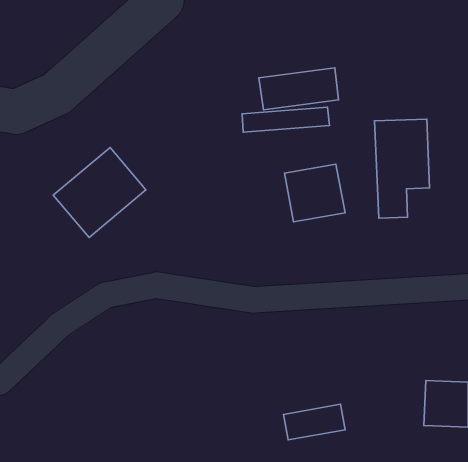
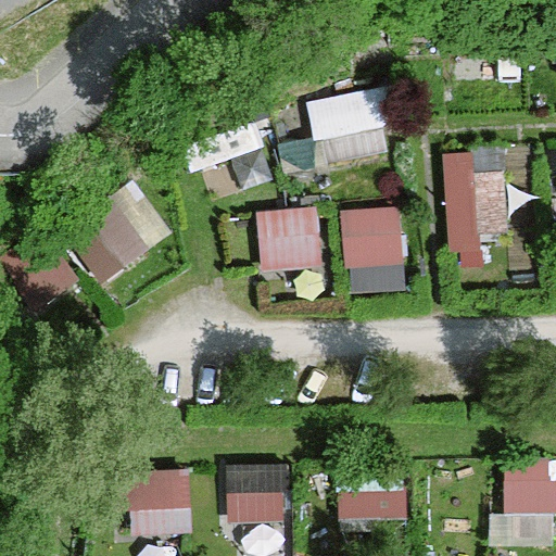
building: none -> [257,207,323,273]
building: none -> [222,467,290,527]
building: none -> [130,470,193,538]

